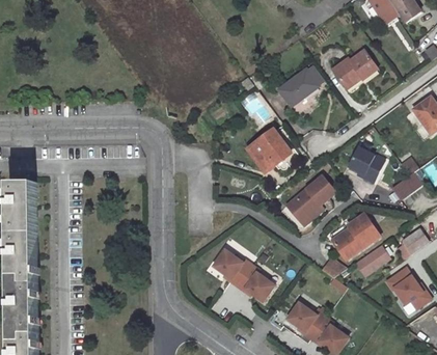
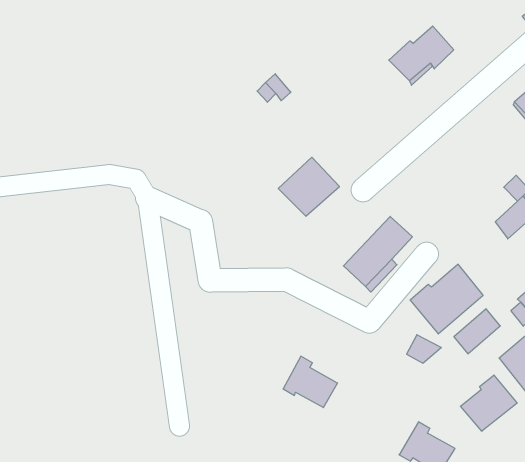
building: [277,69,317,106] -> none
building: [348,146,383,182] -> none
building: [212,249,250,284] -> none
building: none -> [460,375,517,431]
building: [286,302,325,337] -> none

